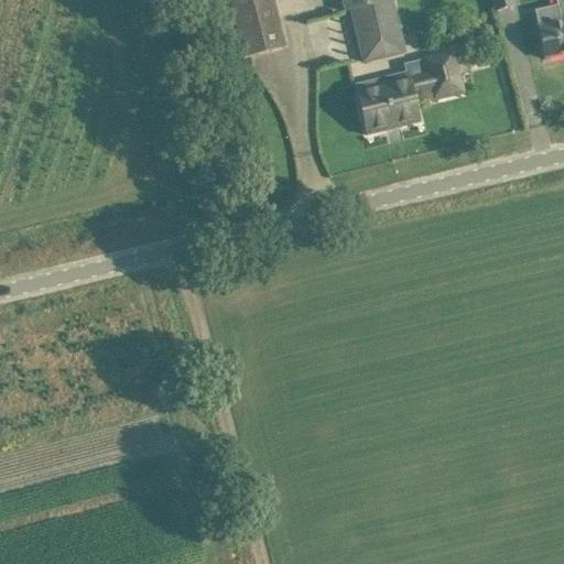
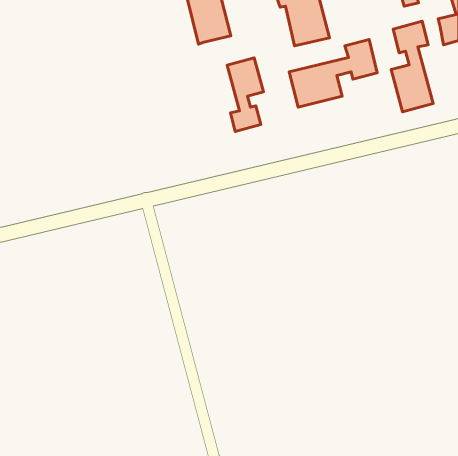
building: none -> [391,21,433,112]
building: none -> [227,58,263,132]

